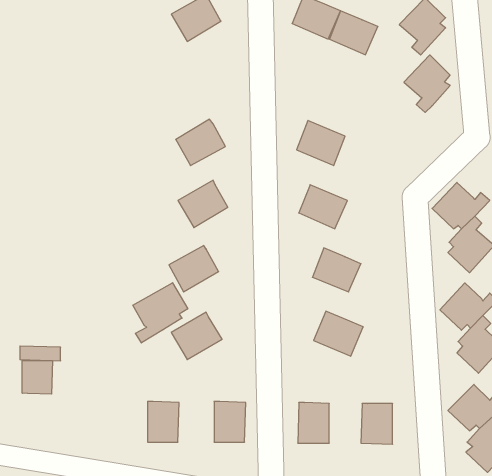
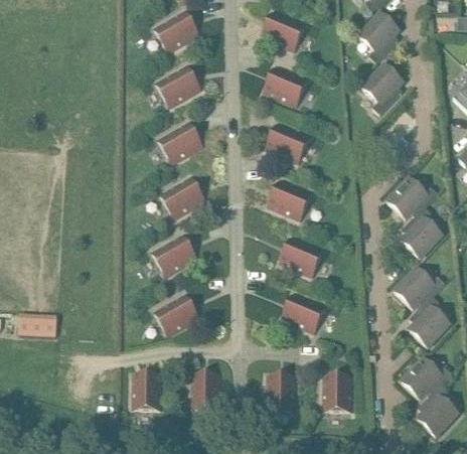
building: [329,11,378,55] -> [264,65,307,105]
building: none -> [155,64,200,106]
building: [133,283,188,343] -> none
building: [22,361,52,394] -> none

